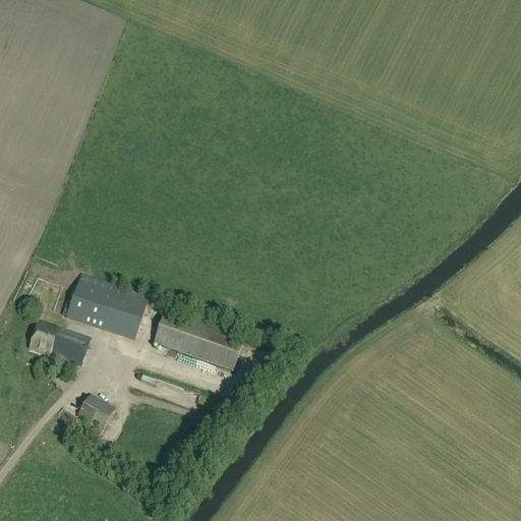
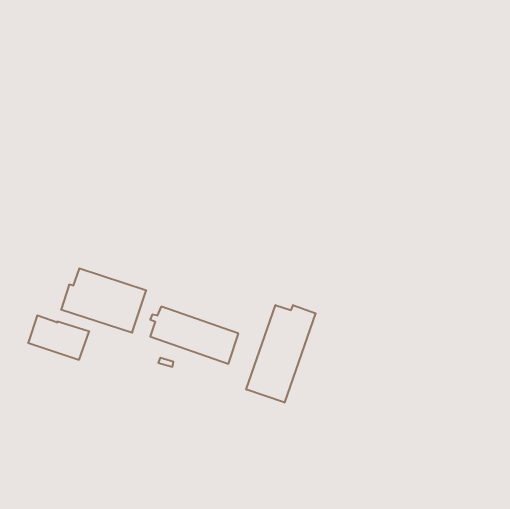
building: none -> [246,305,316,403]
building: [76,394,114,430] -> none

